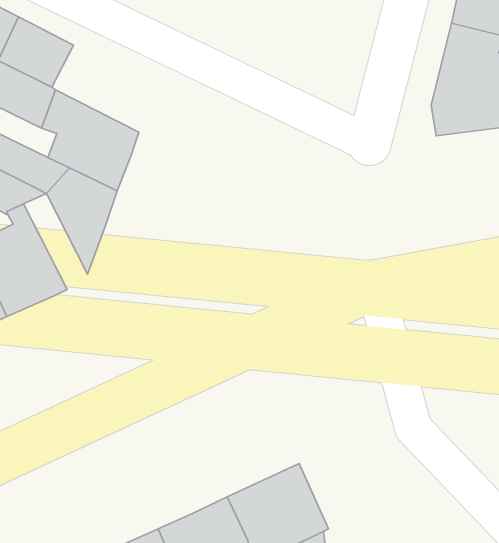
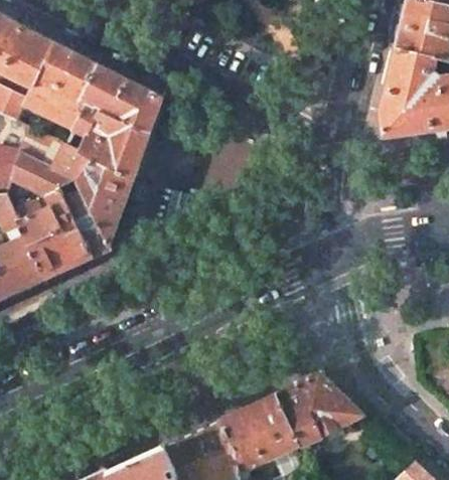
building: none -> [82,64,163,133]
building: none -> [59,181,112,257]
building: none -> [276,373,363,445]

